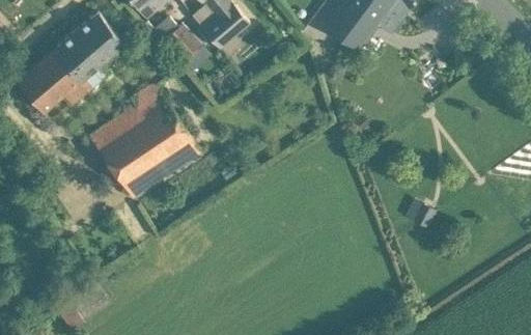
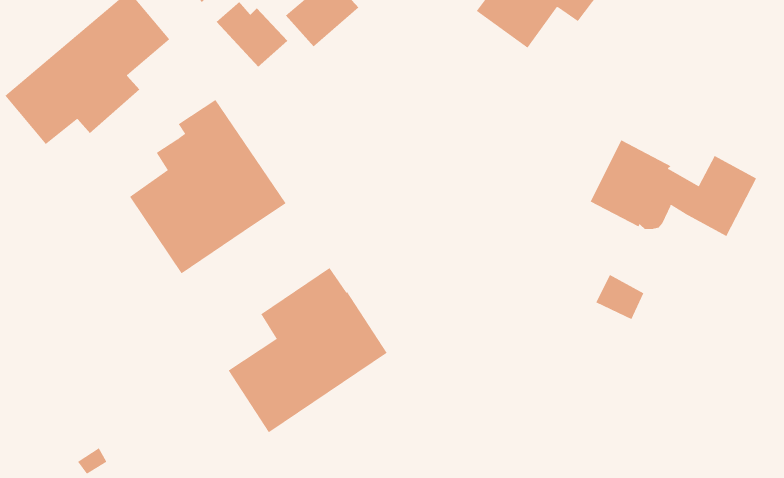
building: none -> [590,139,757,237]
building: none -> [228,267,388,433]

